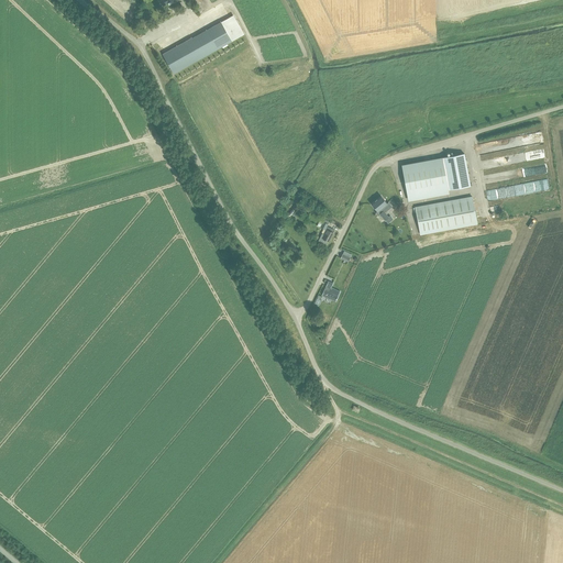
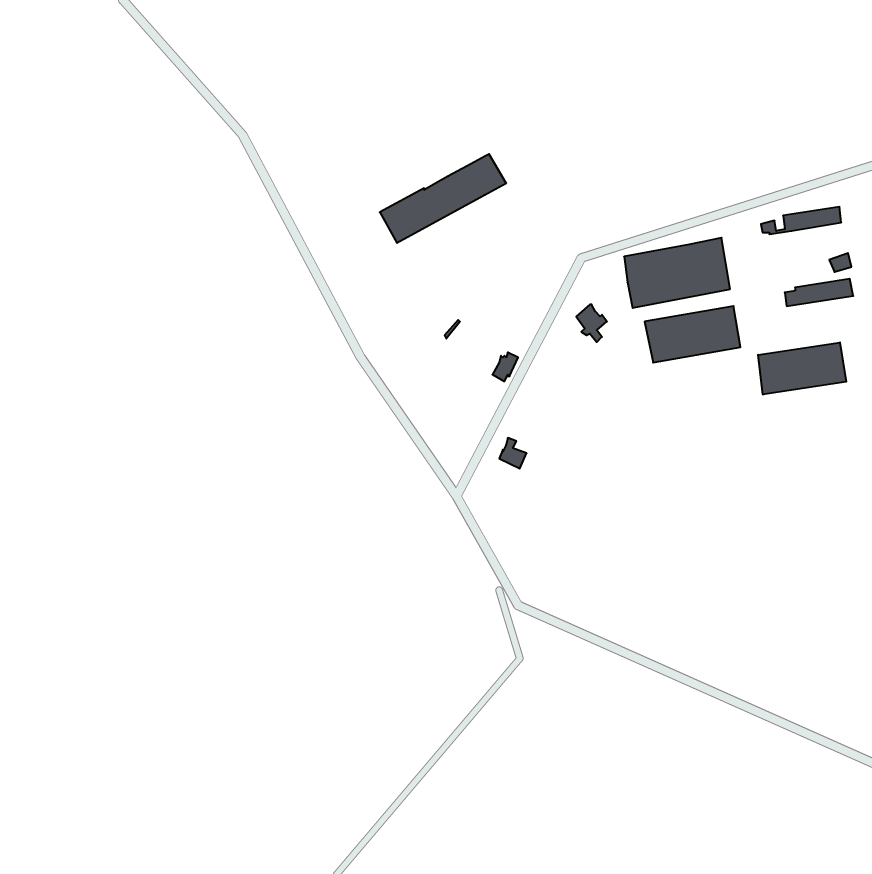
building: [162,16,243,74] -> [380,154,506,243]
building: none -> [758,342,846,395]

